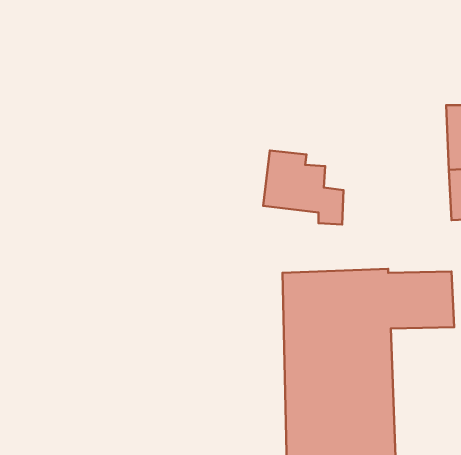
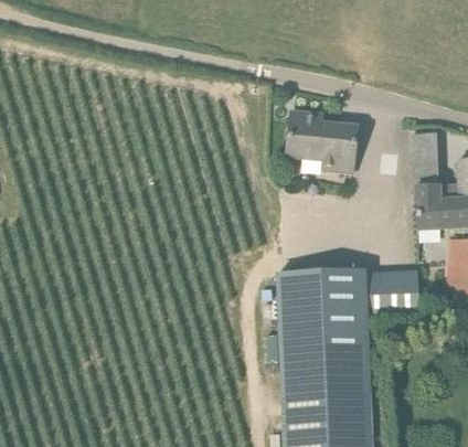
building: [263,150,344,224] -> [287,109,354,171]

